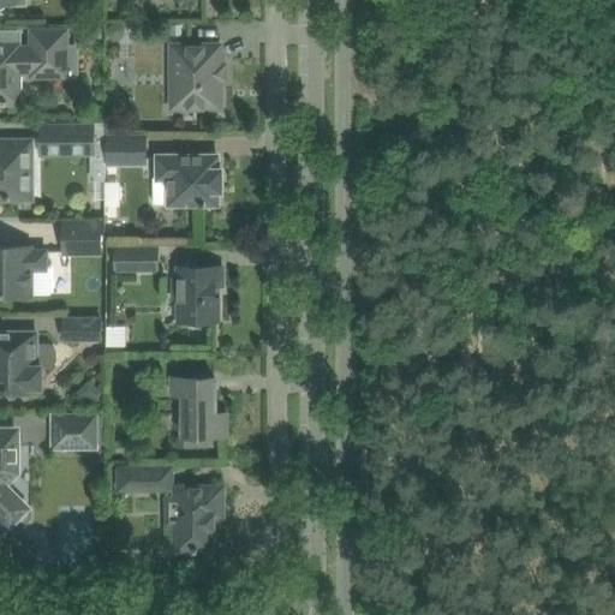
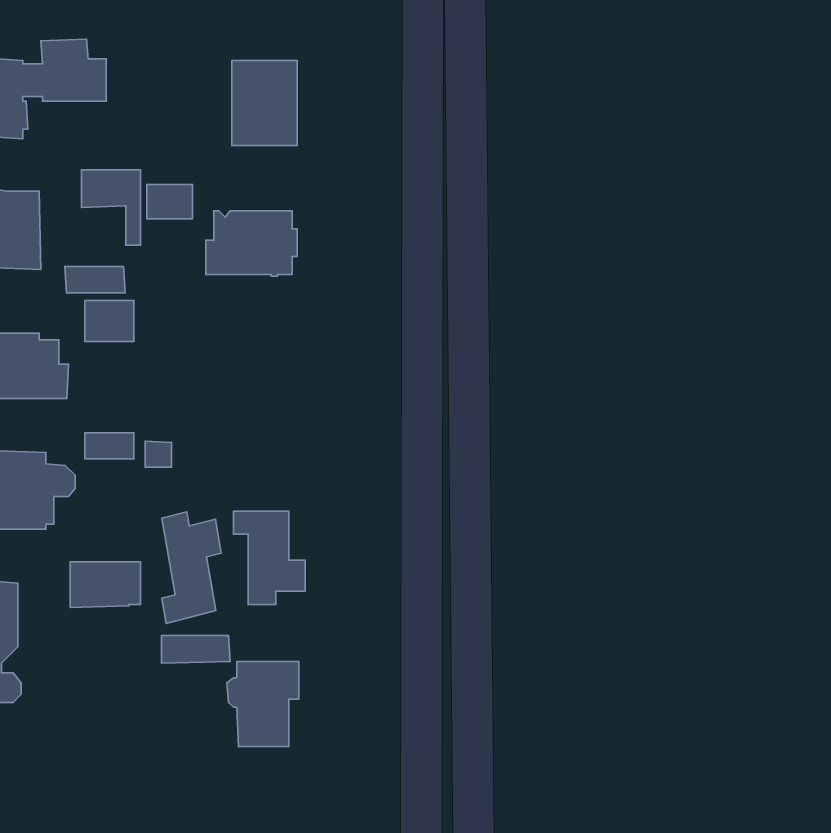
building: [113,247,157,267] -> [65,267,125,293]
building: [174,267,219,324] -> none
building: none -> [162,512,221,623]

